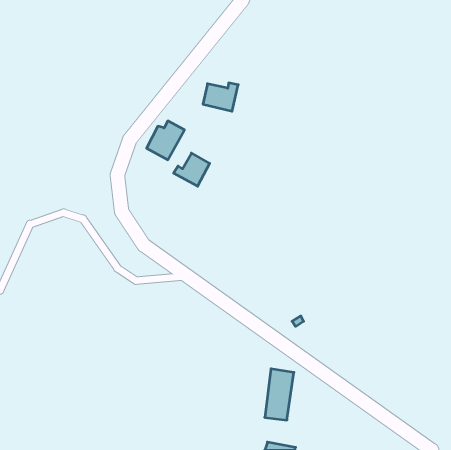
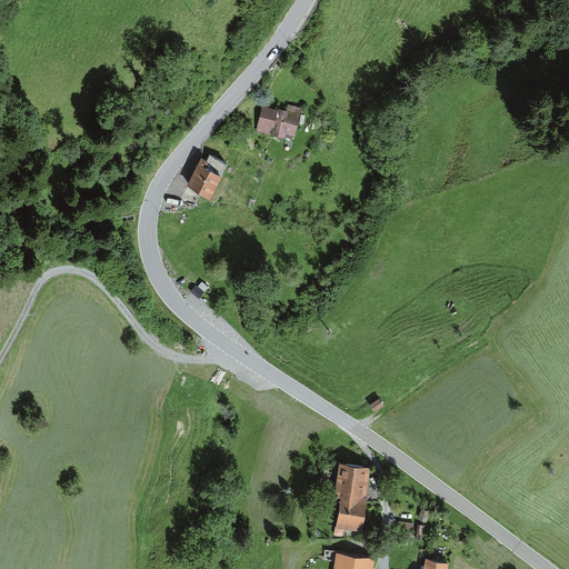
building: [174,153,210,186] -> none

